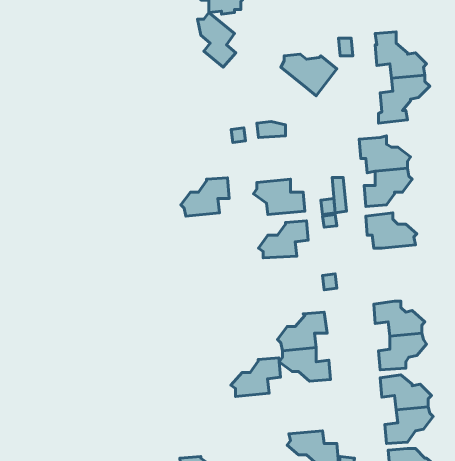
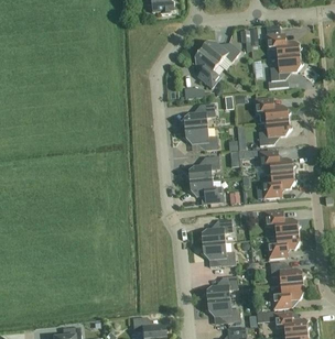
building: [198,13,236,67] -> [194,50,220,87]
building: [181,178,229,216] -> [182,102,215,129]
building: none -> [263,172,298,198]
building: none -> [187,179,224,204]
building: [231,358,280,396] -> [204,275,238,302]

